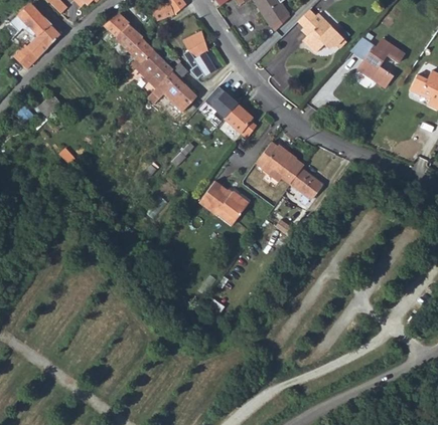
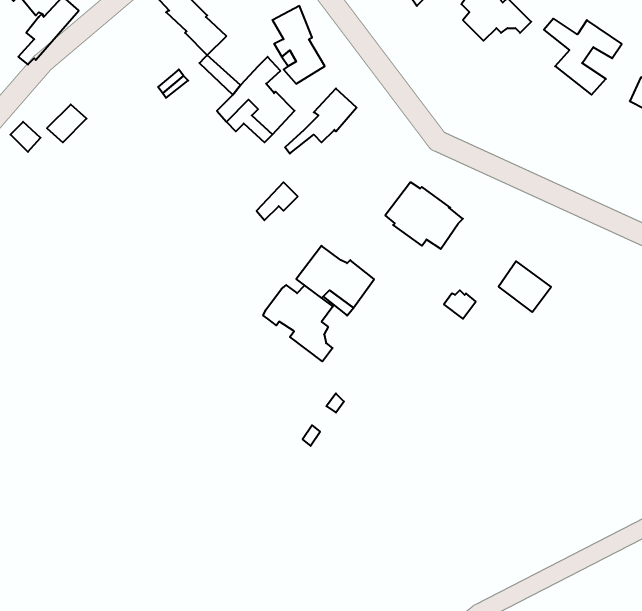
building: [141,49,173,80] -> none
building: [223,100,256,137] -> none
building: [289,168,322,200] -> [499,261,551,312]
building: none -> [263,285,333,361]

